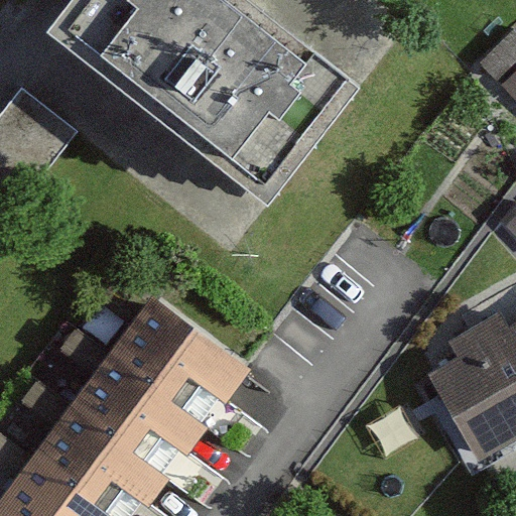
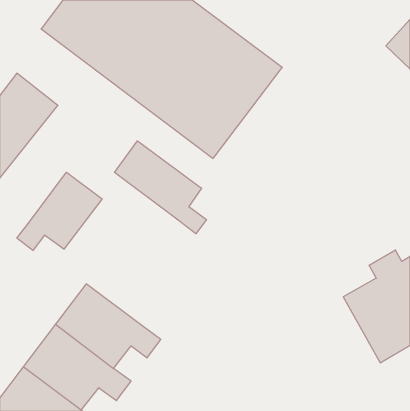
building: none -> [115,141,206,234]
building: none -> [17,172,102,250]
building: [108,298,245,409] -> none

